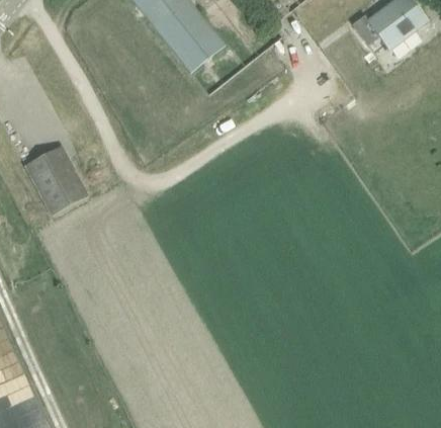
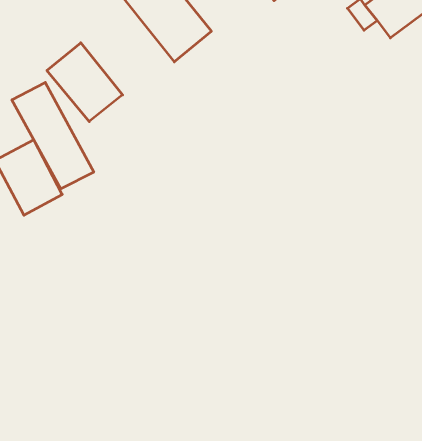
building: none -> [47,43,123,122]
building: none -> [12,82,94,189]

